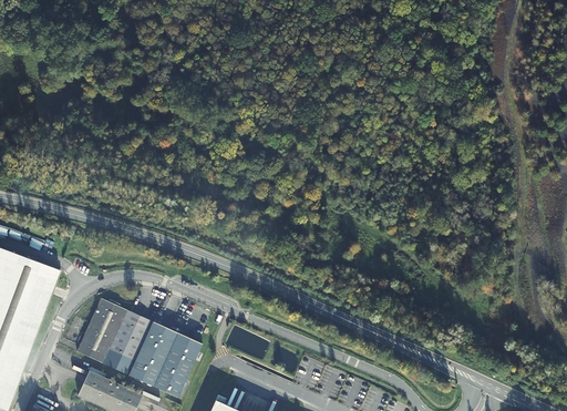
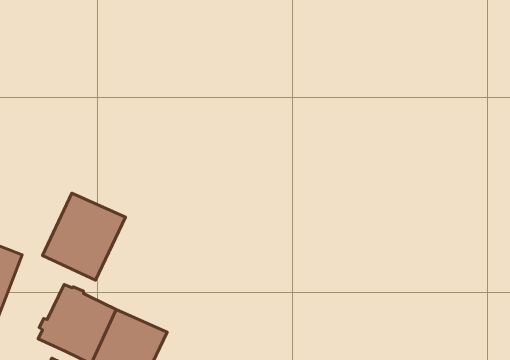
building: none -> [43,193,126,280]

